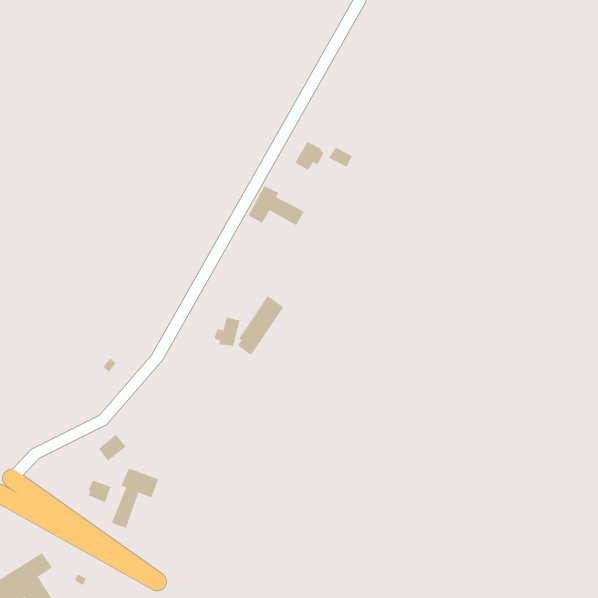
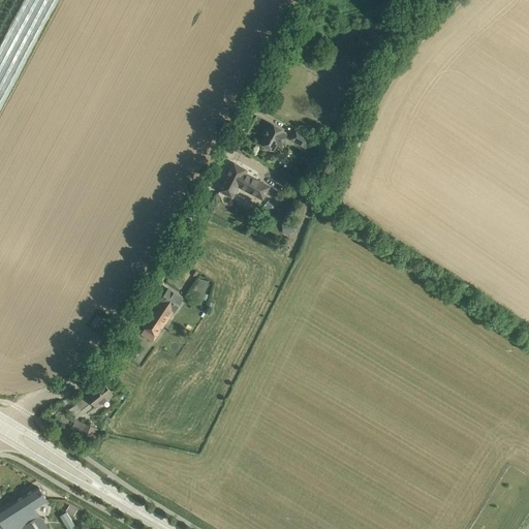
building: [237,295,284,356] -> [141,289,182,343]
building: [111,467,159,529] -> none

